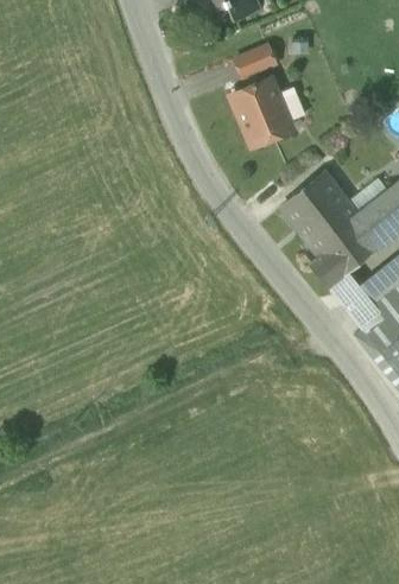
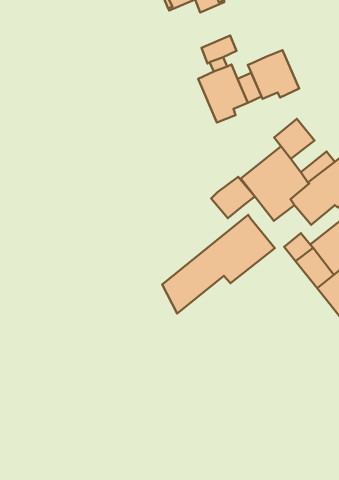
building: none -> [248,50,299,99]
building: none -> [274,119,314,159]
building: [311,240,361,287] -> [211,177,255,218]
building: none -> [162,215,275,313]

